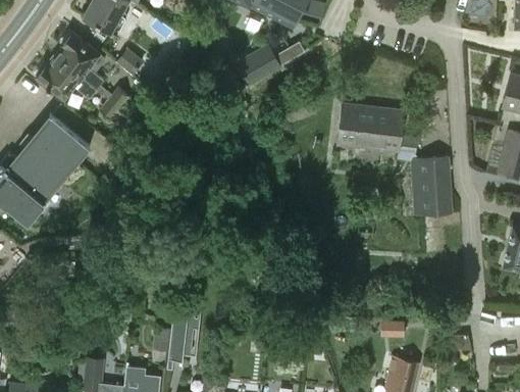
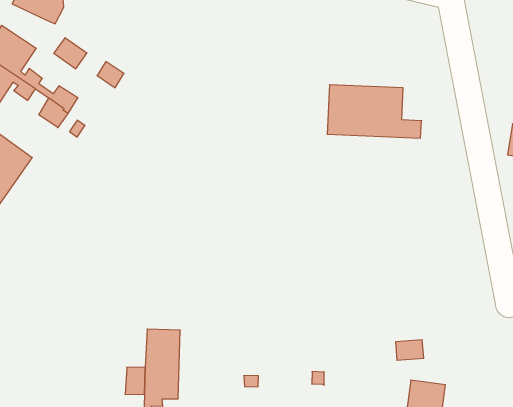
building: [241,50,295,82] -> none
building: [411,157,453,216] -> none

